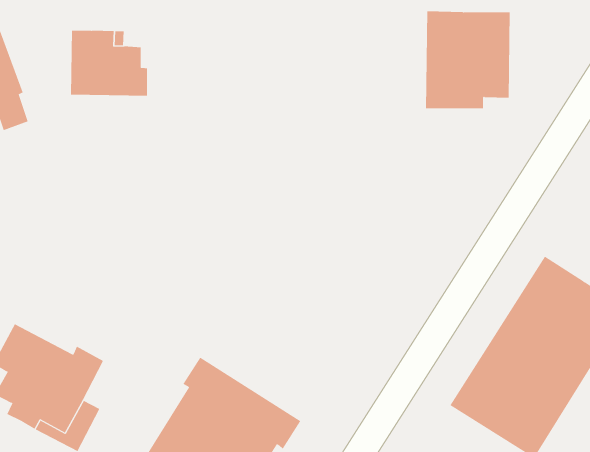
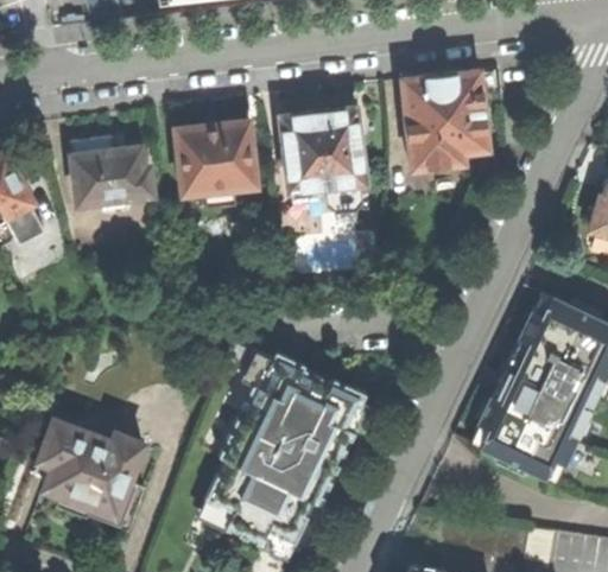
building: none -> [175,117,256,206]
building: none -> [281,106,363,198]
building: none -> [232,360,362,476]

